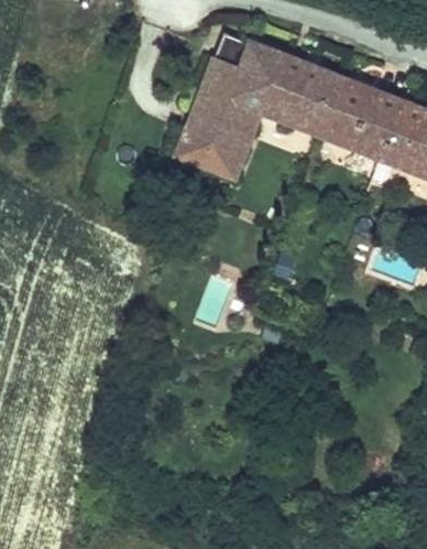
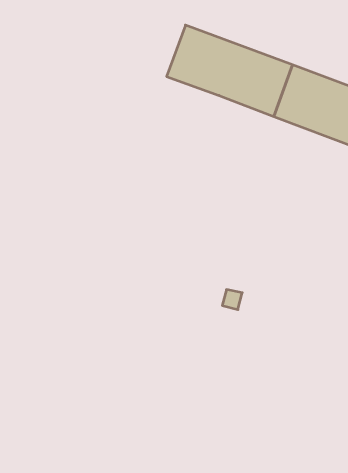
building: [183,92,262,180] -> none

